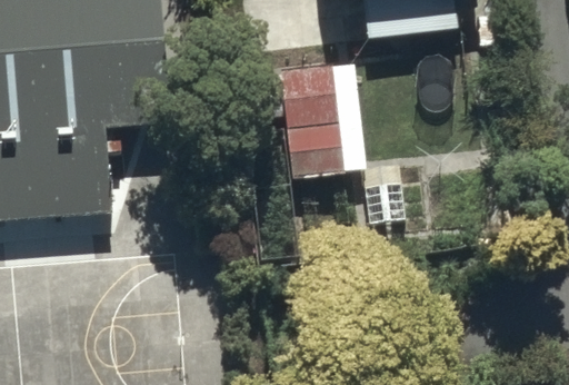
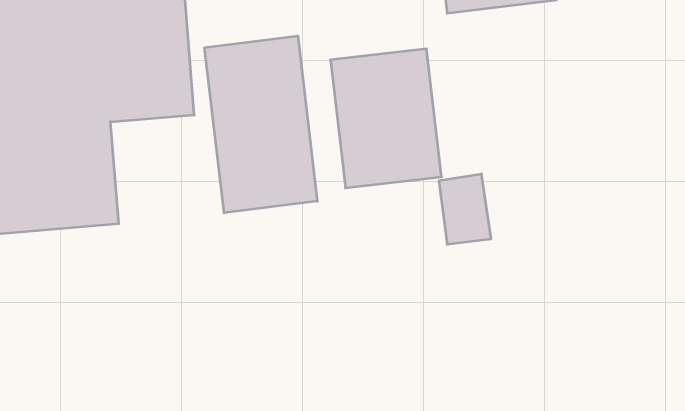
building: none -> [205,36,317,213]

